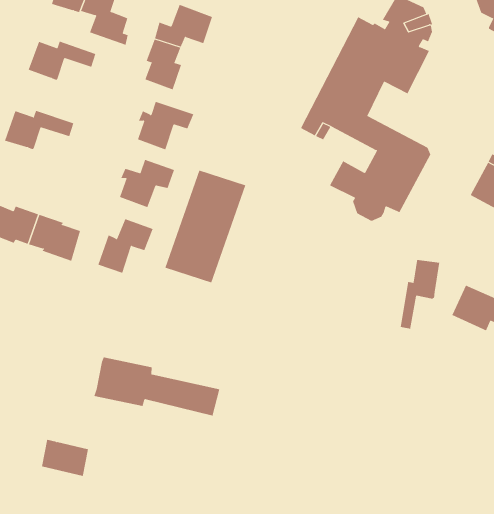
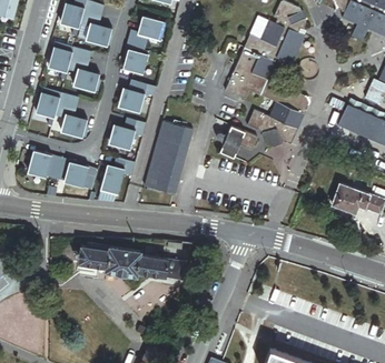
building: none -> [67,57,99,91]
building: none -> [55,102,87,137]
building: none -> [218,127,257,159]
building: [400,259,440,330] -> none
building: [41,439,89,476] -> [77,245,107,268]

